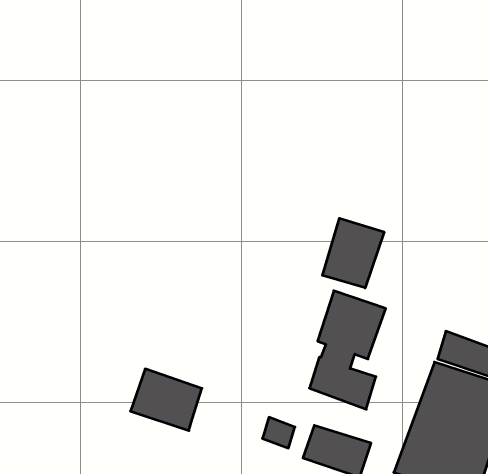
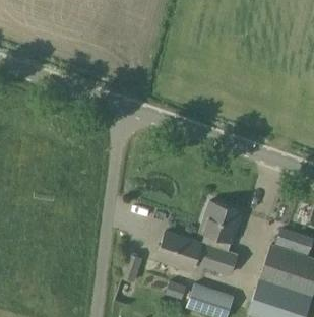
building: [322,218,384,288] -> none
building: [130,369,202,431] -> [156,230,201,268]

